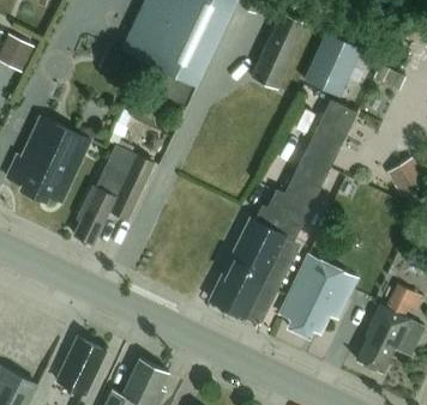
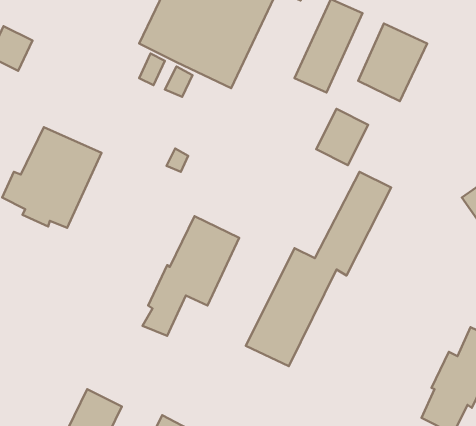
building: [314,99,357,146] -> [316,109,368,165]
building: [73,145,154,244] -> [143,216,239,336]
building: [279,255,357,338] -> none

